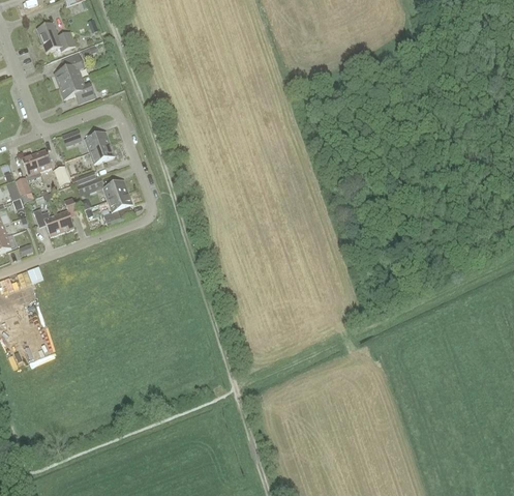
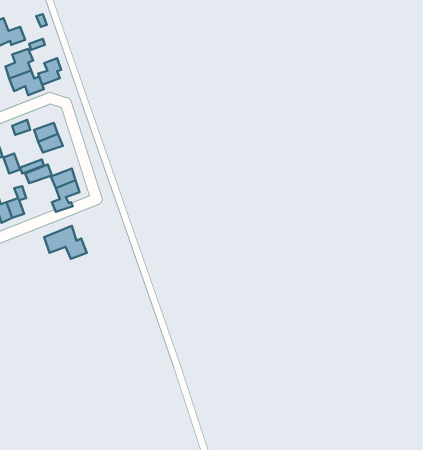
building: none -> [38,58,61,85]
building: none -> [44,226,87,259]

